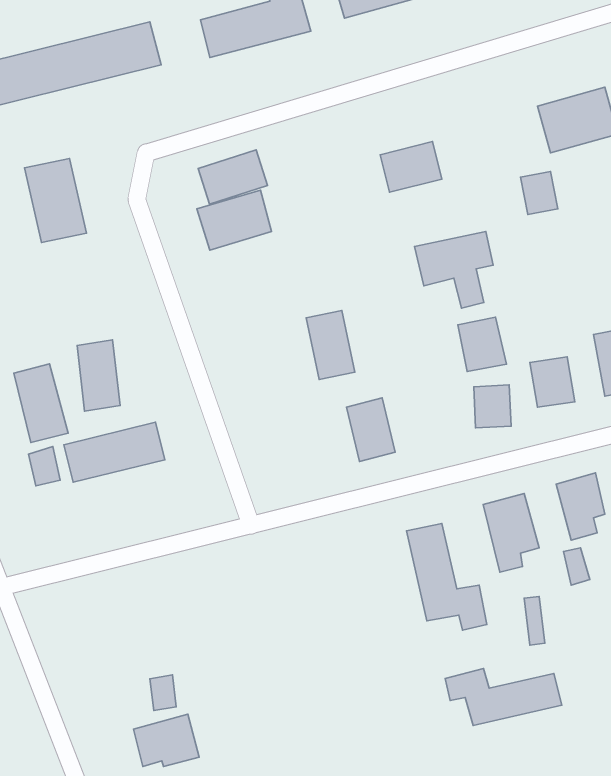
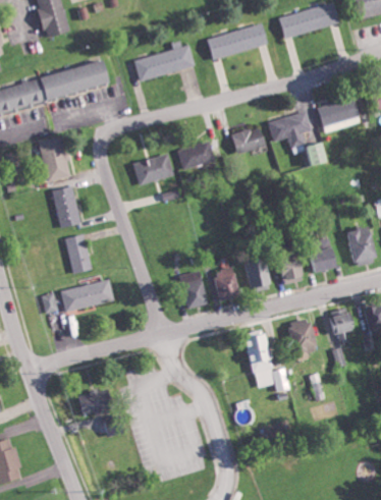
building: [198,150,268,204] -> [176,141,214,170]
building: [415,231,493,308] -> [267,112,310,154]
building: [306,310,355,380] -> [180,271,207,309]
building: [458,317,507,372] -> [244,259,271,288]
building: [14,364,68,442] -> [51,185,80,228]
building: [445,668,562,725] -> none
building: [134,714,199,766] -> [78,387,114,415]

